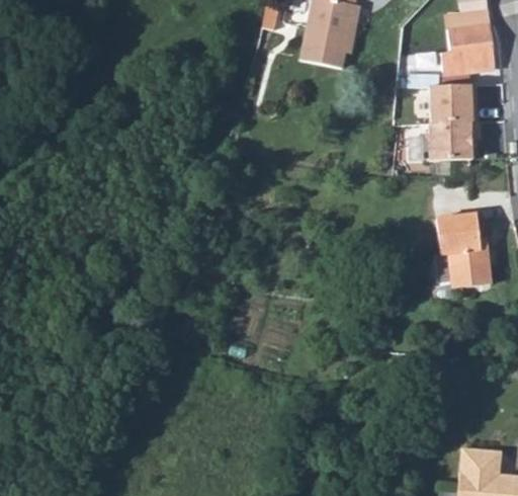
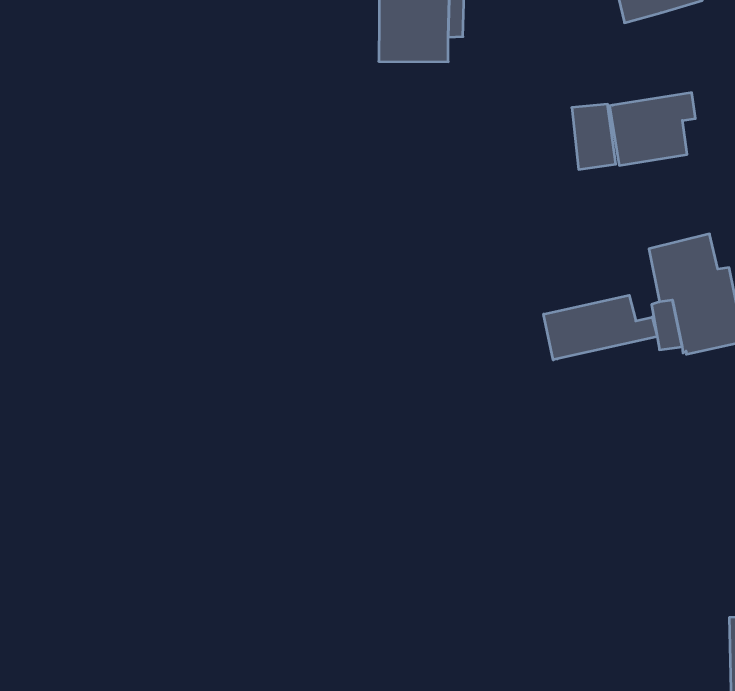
building: [430,84,481,123] -> none
building: none -> [544,295,657,360]

